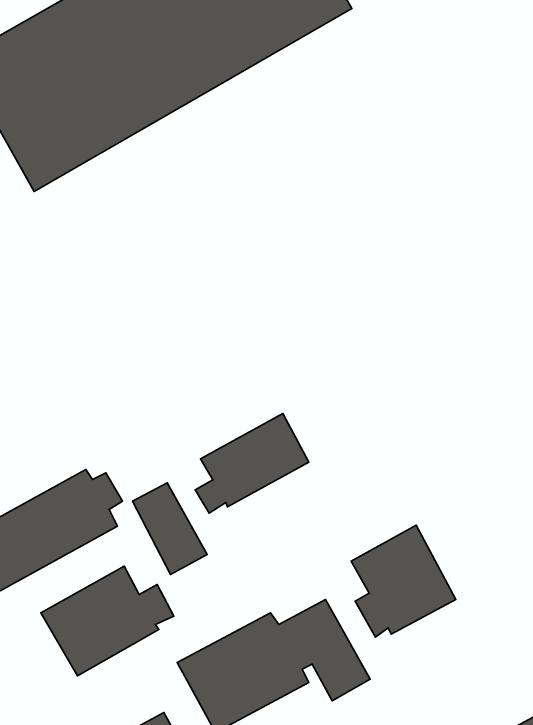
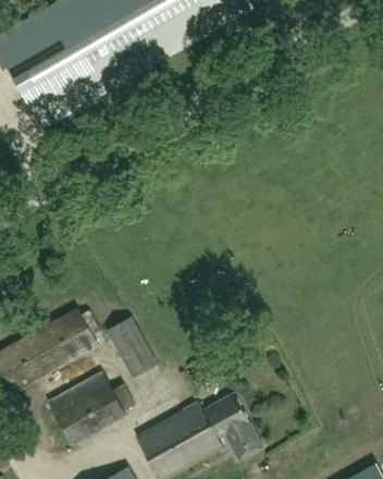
building: [195,413,309,513] -> none
building: [351,525,456,637] -> none

